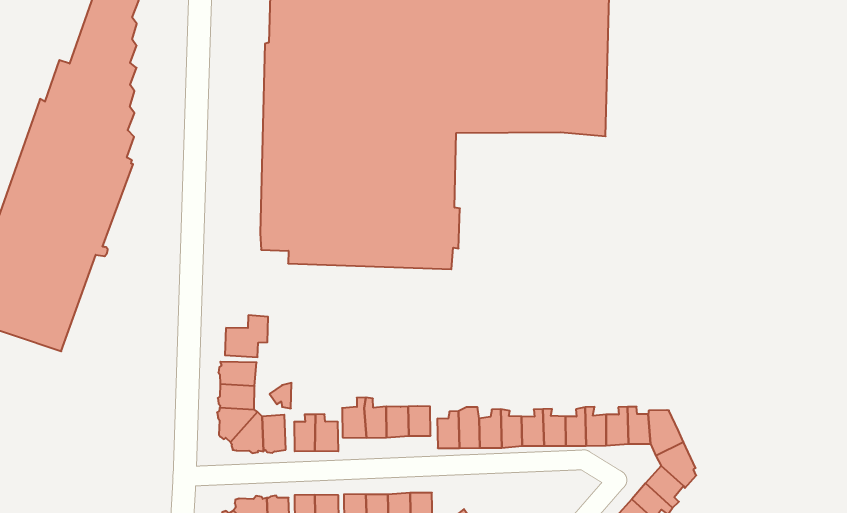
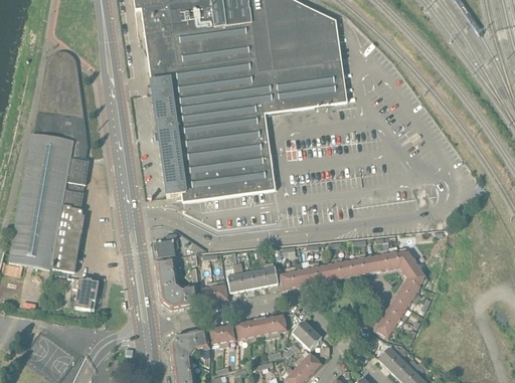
building: none -> [74,278,99,310]

